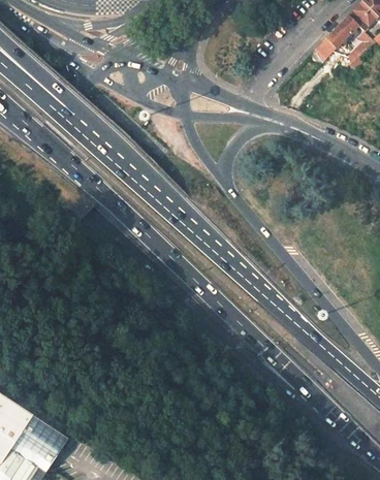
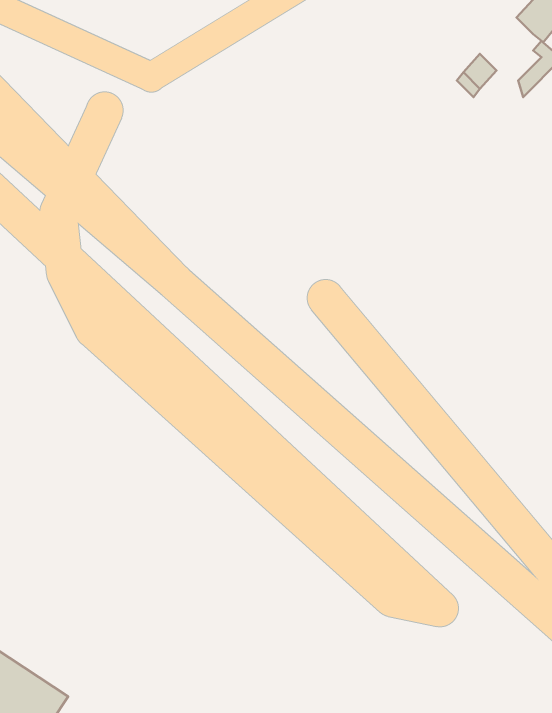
building: [325,15,358,49] -> none

